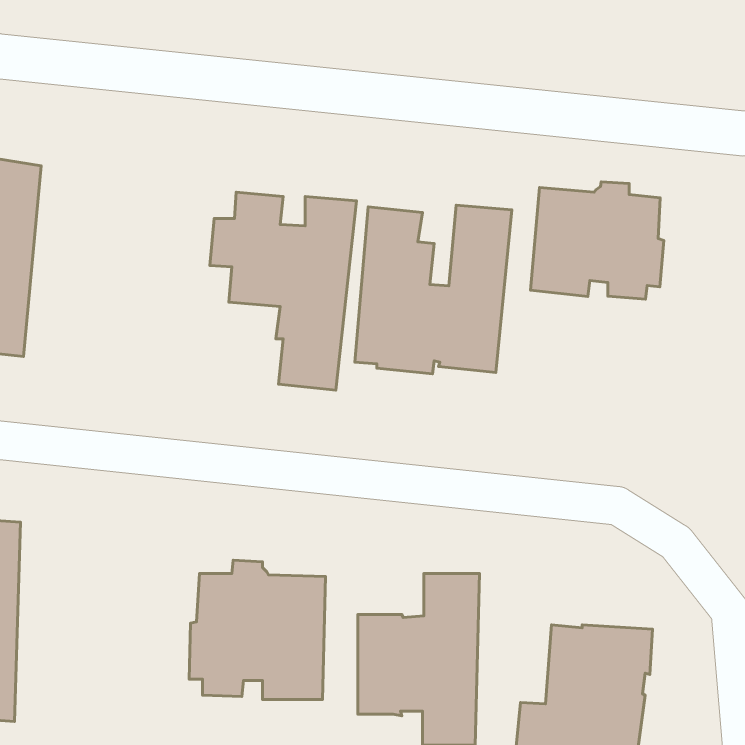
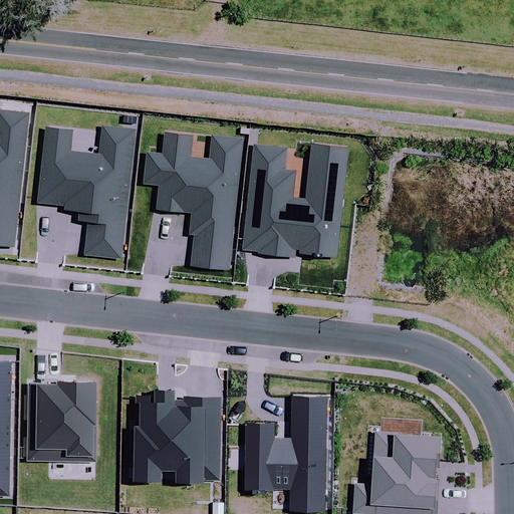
building: [531,182,664,299] -> none
building: none -> [37,127,134,260]
building: none -> [28,377,102,462]

